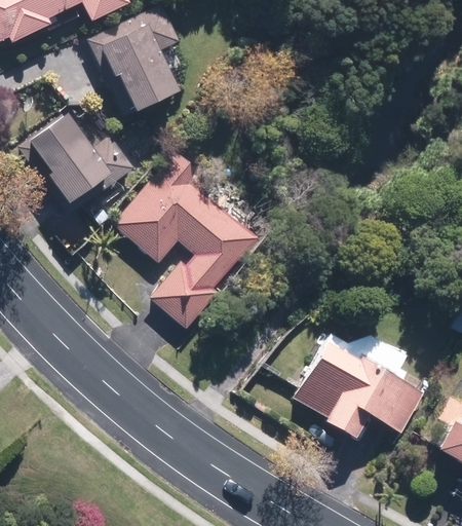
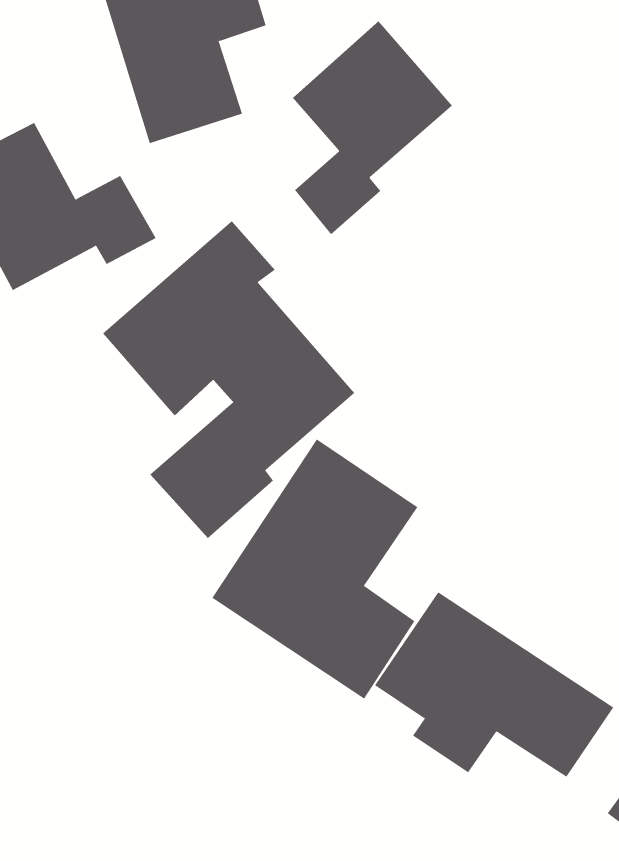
building: none -> [292,20,453,235]
building: none -> [212,439,418,700]

